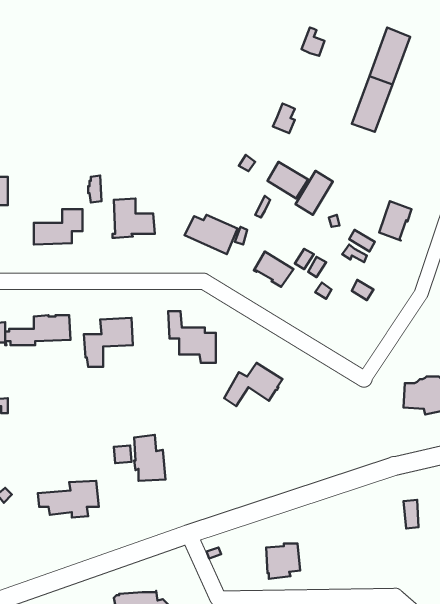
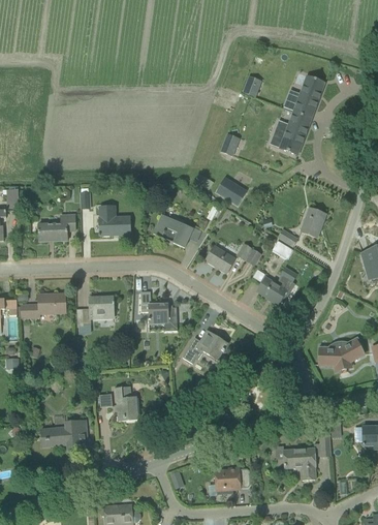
building: [296,171,333,215] -> none
building: none -> [257,277,286,304]
building: none -> [283,447,316,480]

